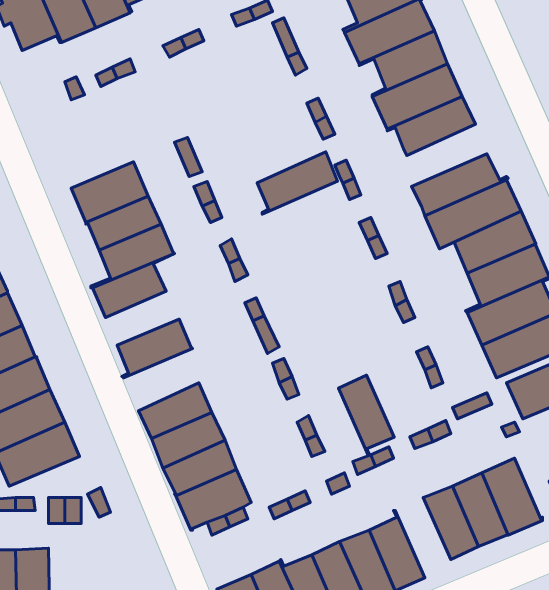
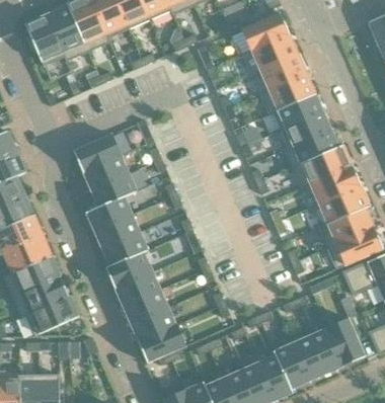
building: [257,152,337,214] -> [281,110,330,149]
building: none -> [94,214,140,247]
building: none -> [105,249,152,288]
building: [339,375,394,455] -> [274,341,308,391]

